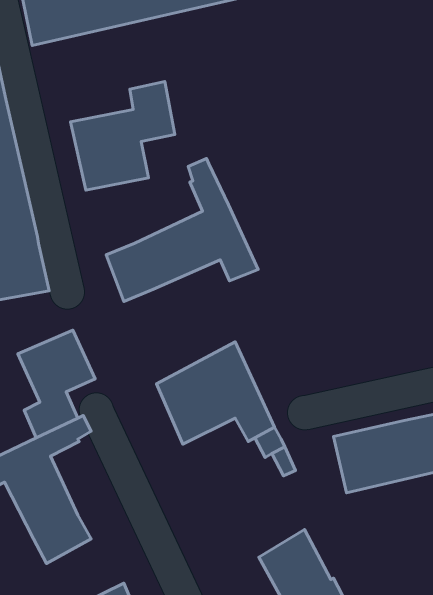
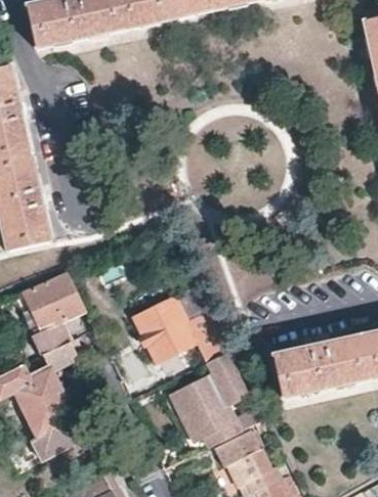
building: [70,81,175,190] -> none
building: [106,158,258,302] -> none
building: none -> [174,371,259,440]

